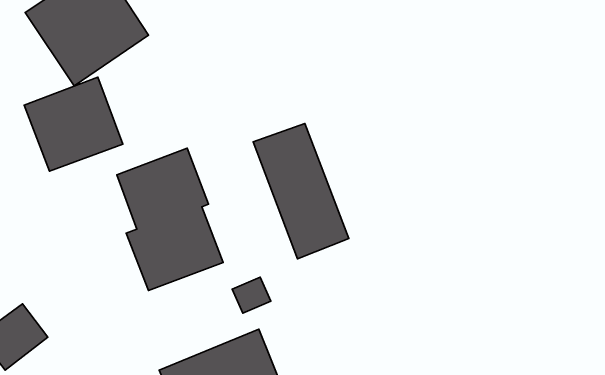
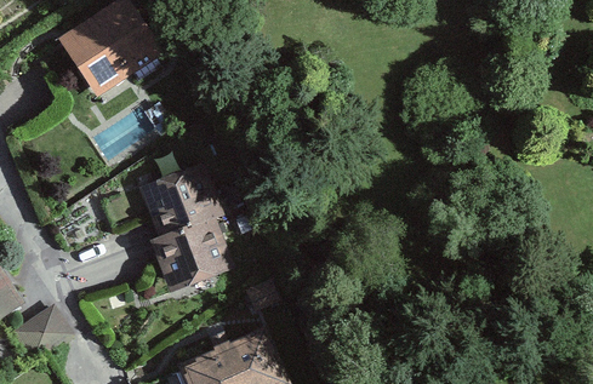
building: [24,77,123,171] -> none
building: [253,123,349,259] -> none

